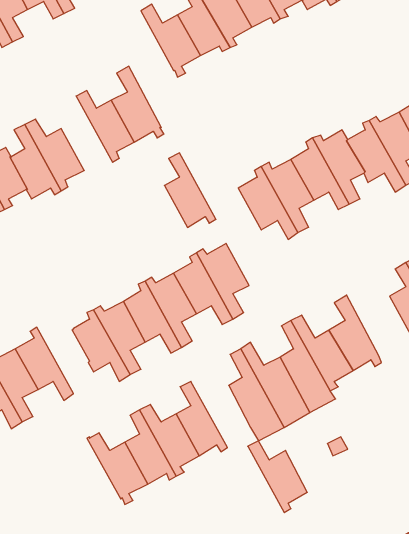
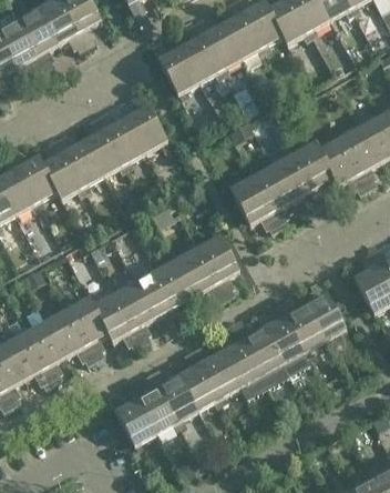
building: [164,153,216,227] -> [86,113,129,174]
building: none -> [66,296,110,358]
building: [248,441,307,513] -> [193,343,242,402]

